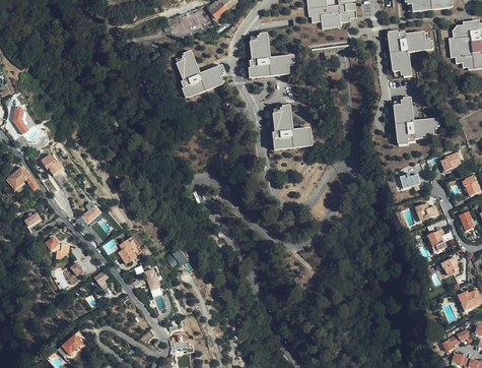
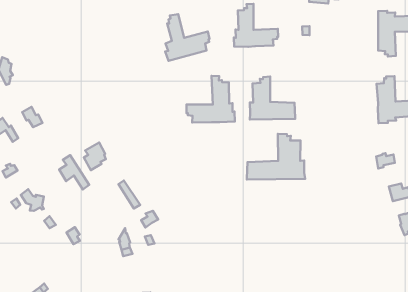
building: none -> [187,76,235,122]
building: none -> [247,134,305,180]
building: [117,236,139,264] -> [84,142,106,170]

